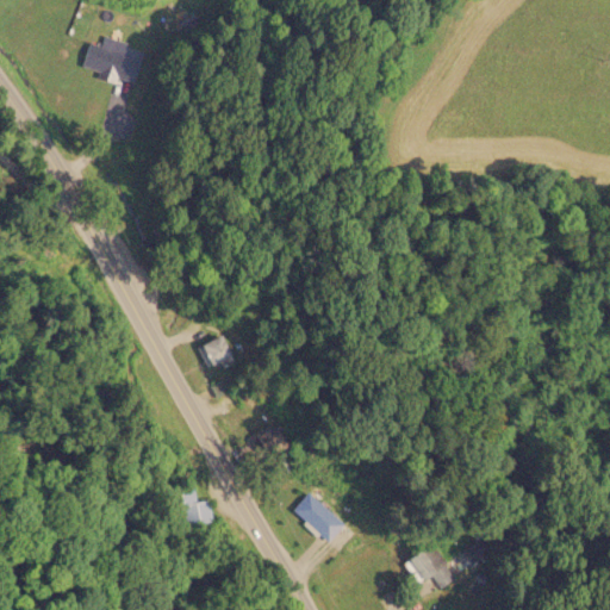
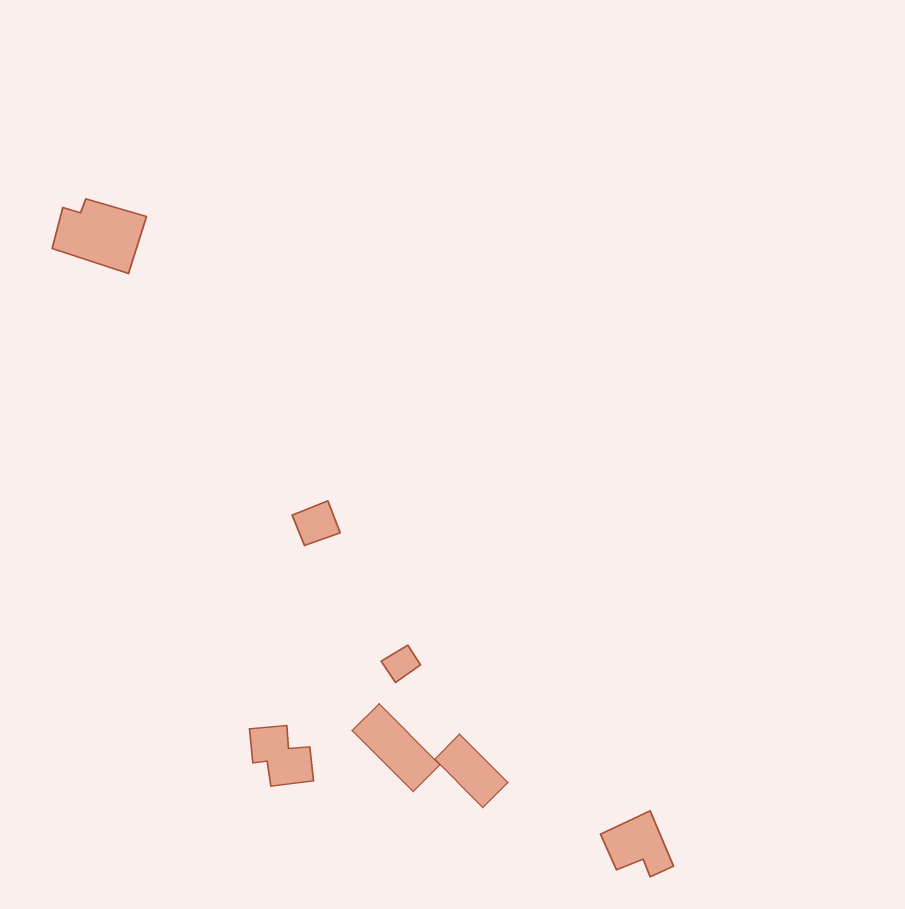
building: [82,36,145,86] -> [52,199,146,274]
building: none -> [352,704,440,791]

